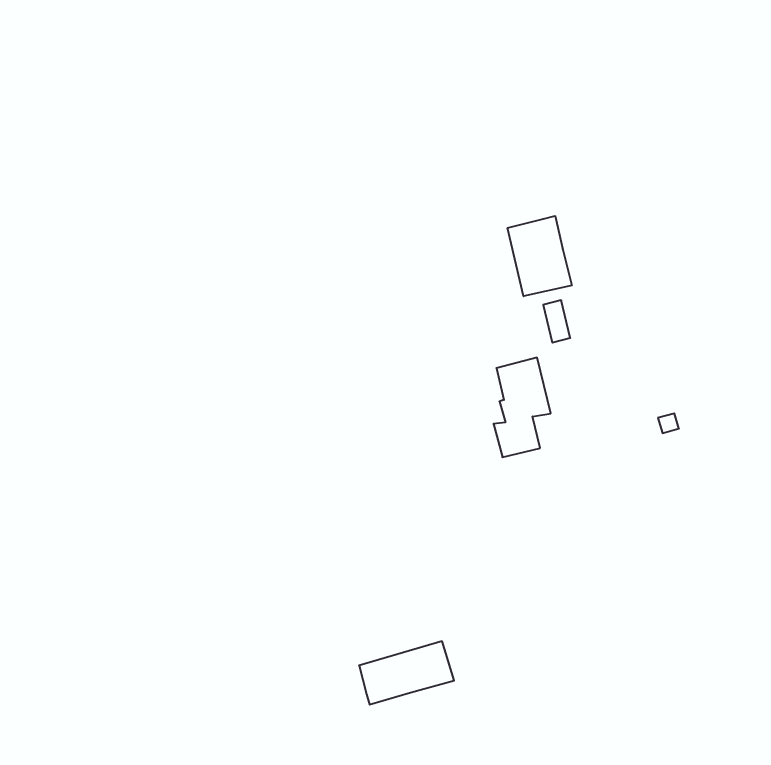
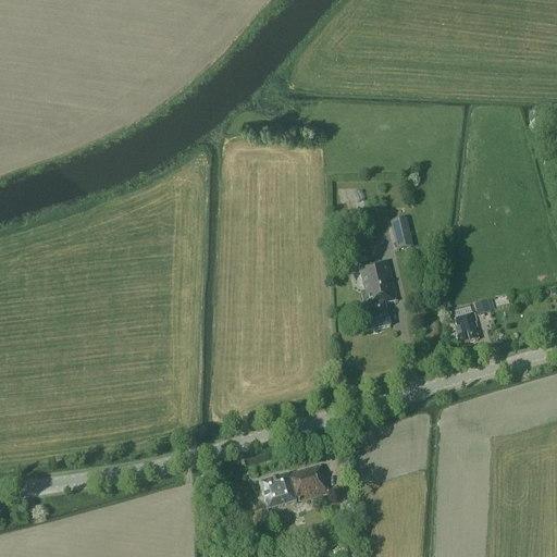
building: [508,216,572,296] -> none
building: none -> [455,310,478,343]

